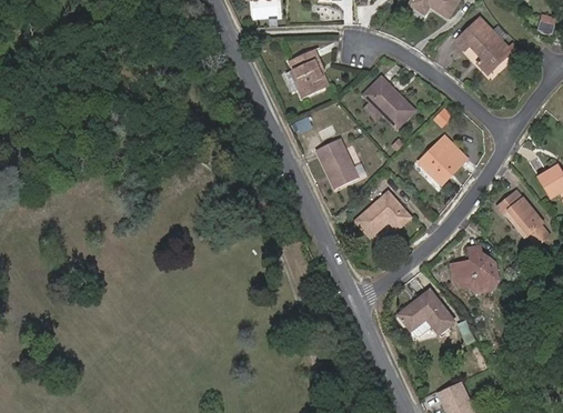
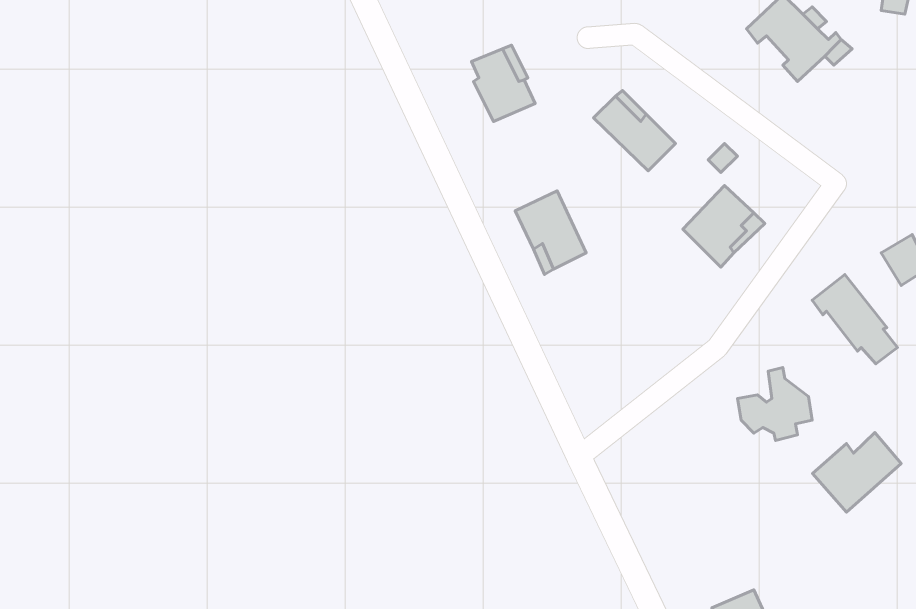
building: [355,192,410,238] -> none
building: none -> [813,433,901,512]
building: [399,291,454,336] -> none

